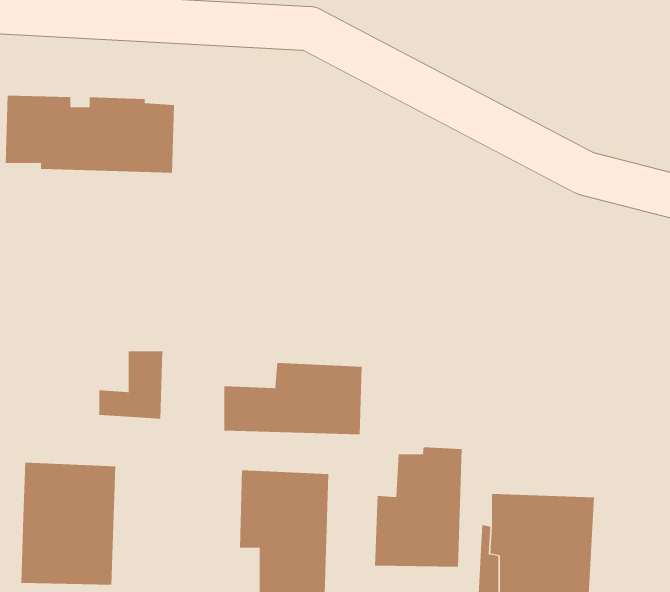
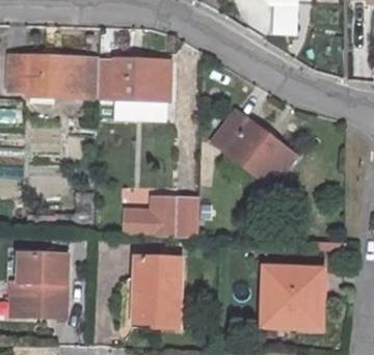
building: none -> [98,57,170,119]
building: none -> [211,109,294,186]
building: [375,446,462,568] -> none

